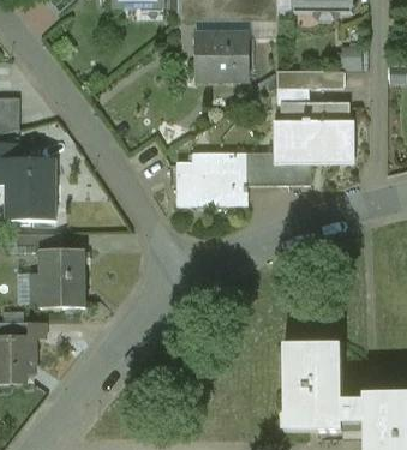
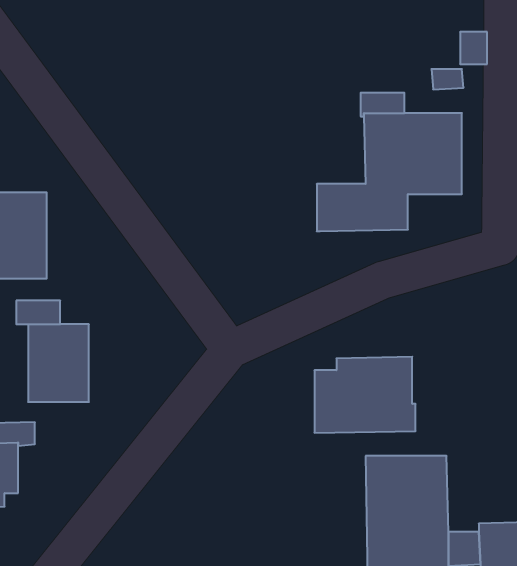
building: [193,34,247,79] -> none
building: [175,151,247,205] -> [314,357,416,433]

